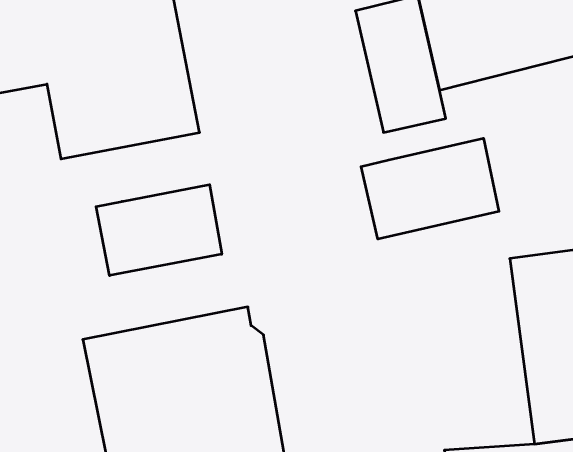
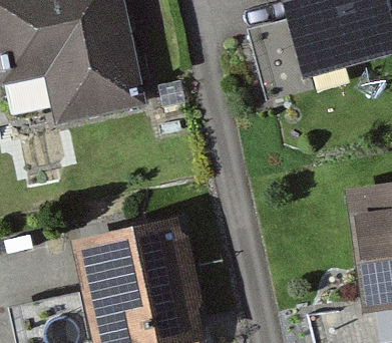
building: [361,138,499,239] -> none
building: [96,185,222,276] -> none

